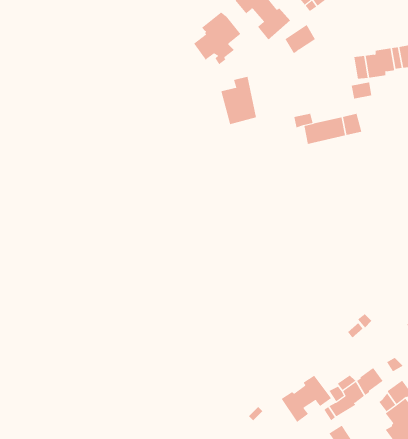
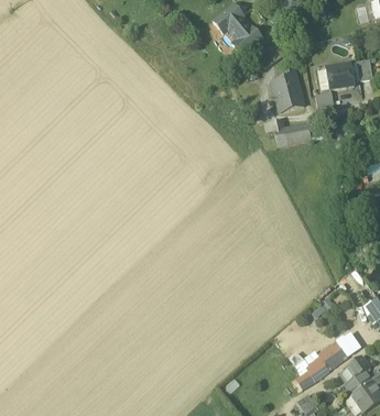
building: [194,12,241,65] -> none
building: [221,76,257,125] -> [272,69,304,112]
building: [281,375,332,423] -> none

